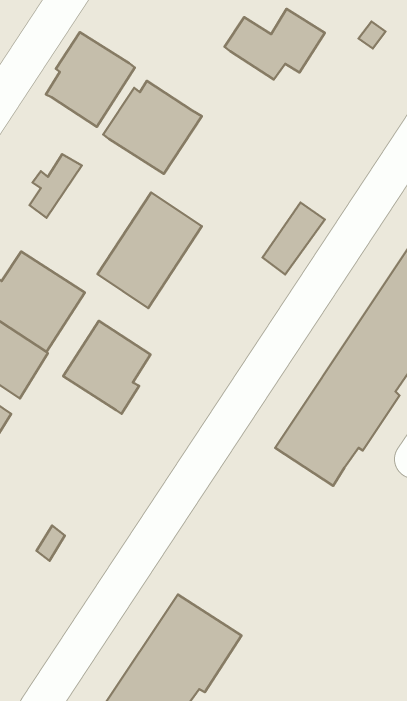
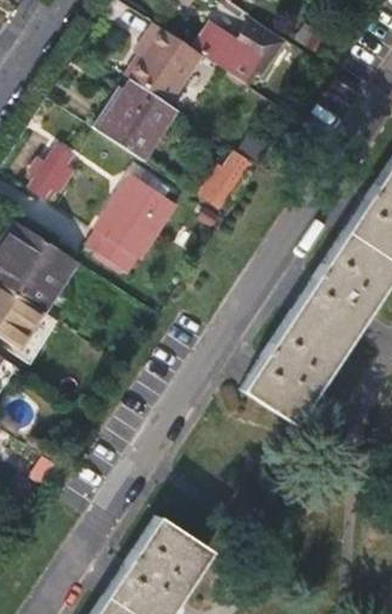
building: [46,32,135,127] -> [126,24,201,104]
building: [263,202,325,274] -> [201,145,254,206]
building: [63,321,150,414] -> none

